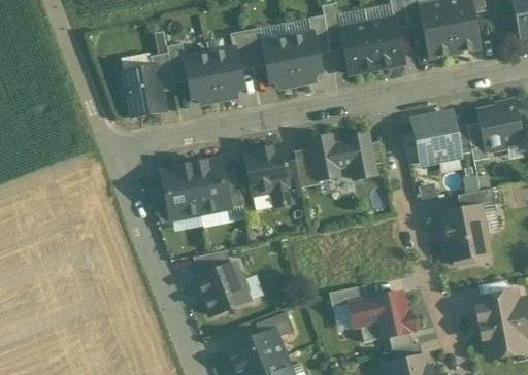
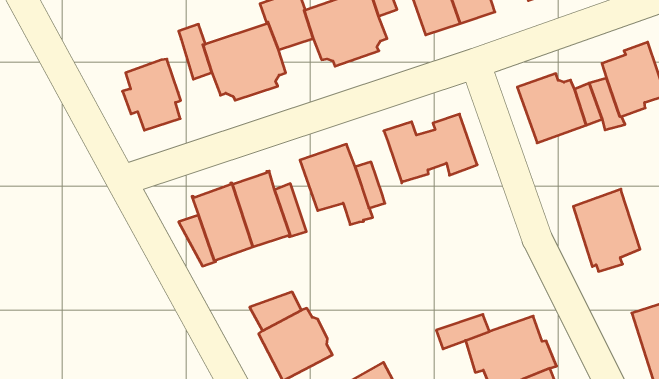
building: [152,52,176,91] -> none
building: [296,147,321,186] -> none
building: [459,187,497,209] -> none

